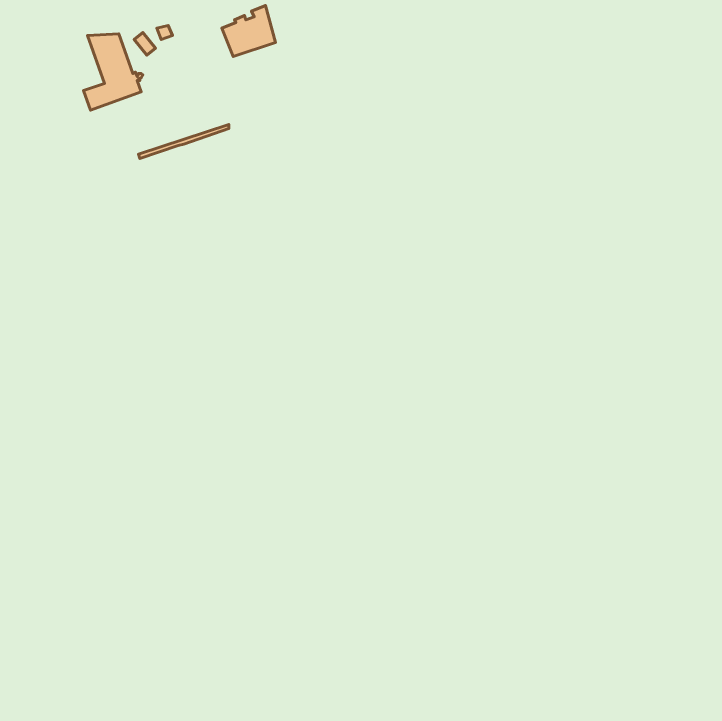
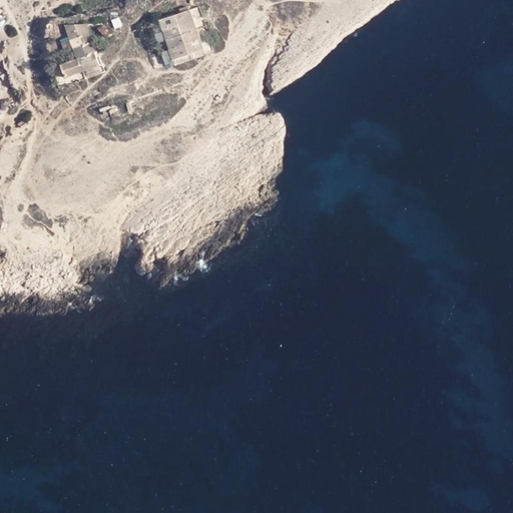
building: none -> [165,30,204,65]

